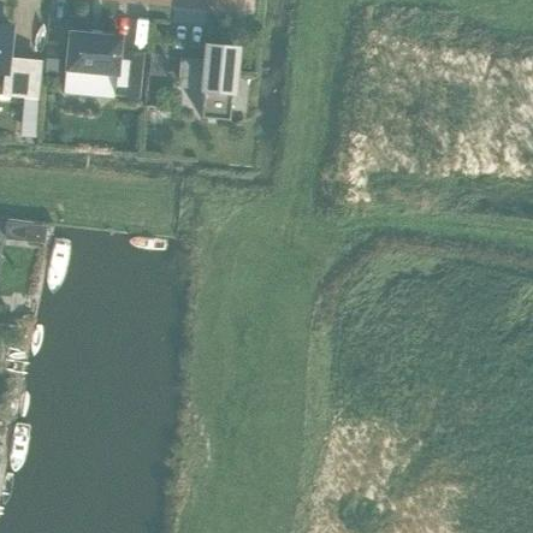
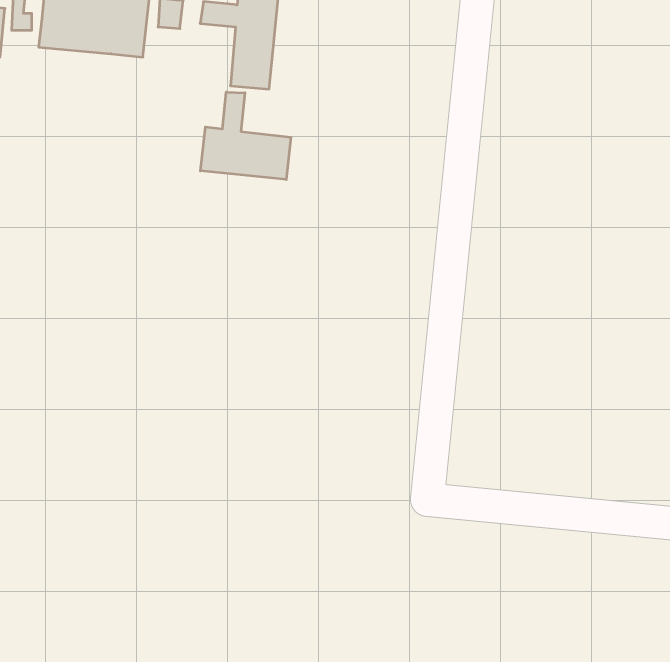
building: none -> [200,92,291,180]

